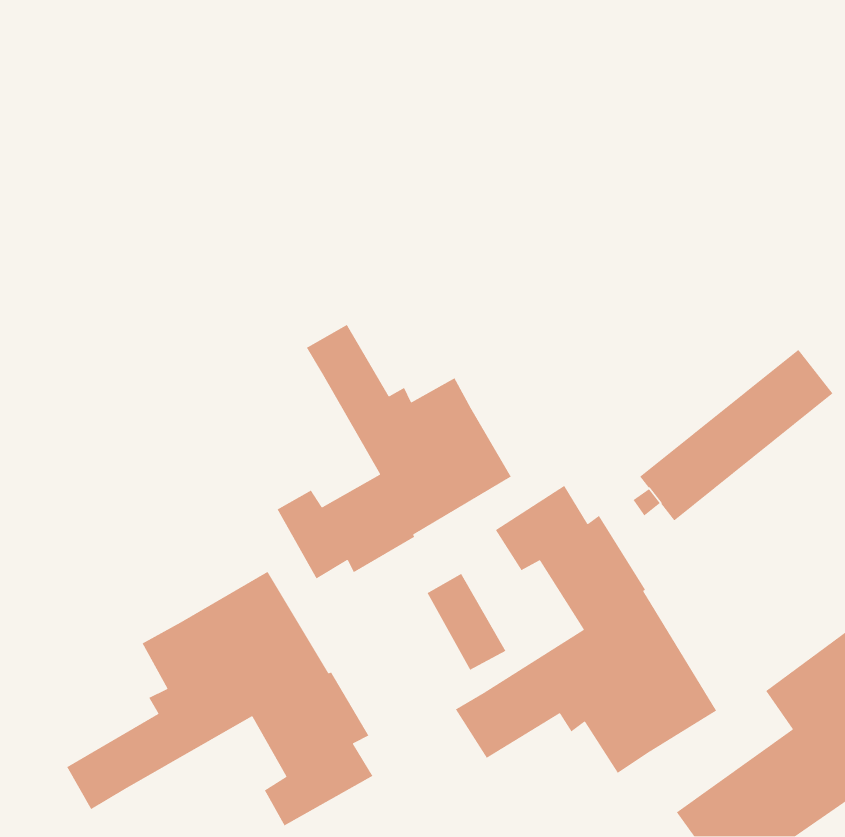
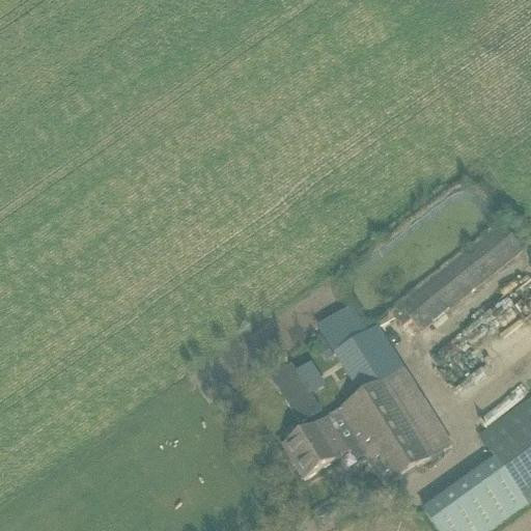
building: [277,324,512,579] -> none
building: [66,571,373,827] -> none

